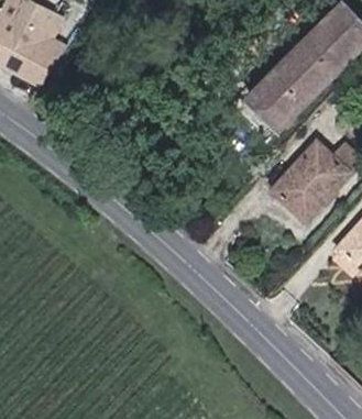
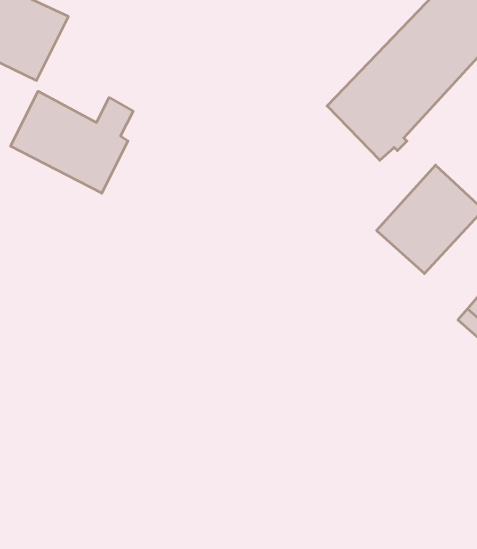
building: none -> [11,91,133,193]

